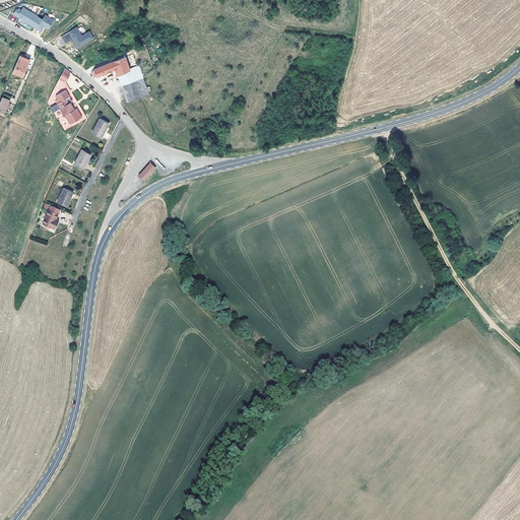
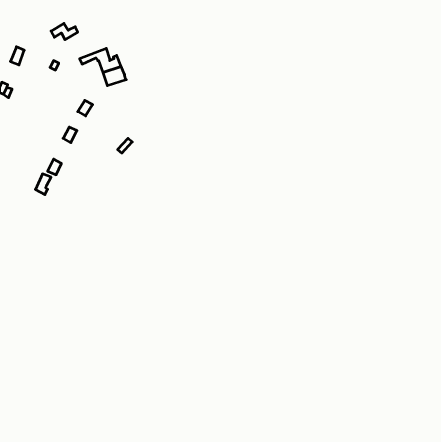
building: [12,7,53,30] -> none
building: [56,90,81,125] -> none

